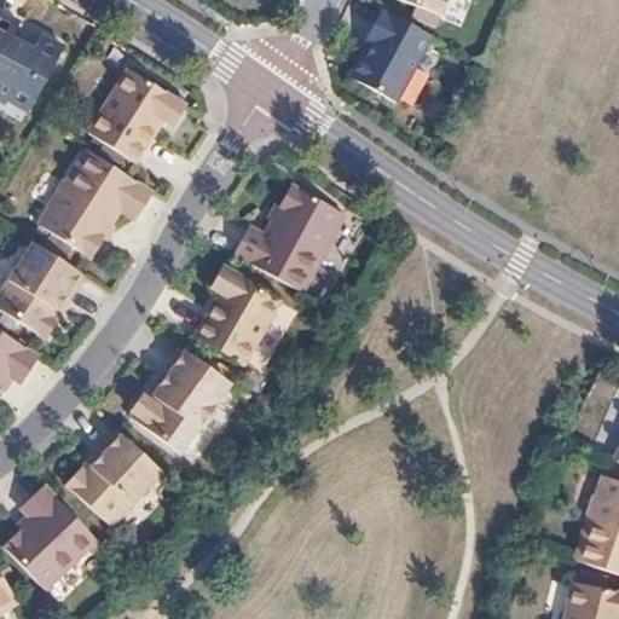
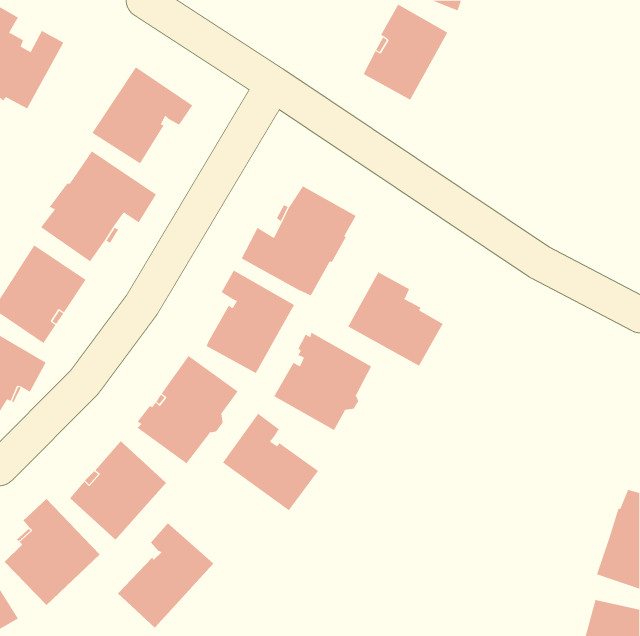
building: none -> [347,272,444,367]
building: none -> [273,332,372,431]
building: none -> [222,413,318,511]
building: none -> [117,522,214,629]

